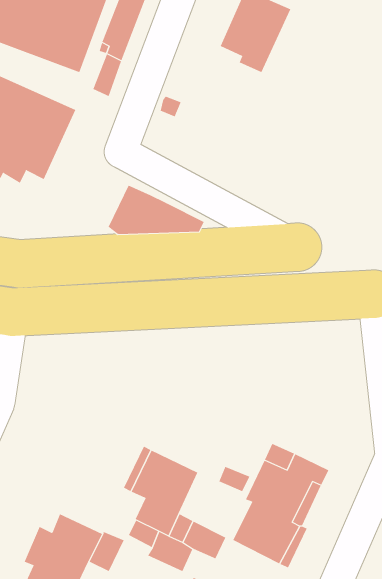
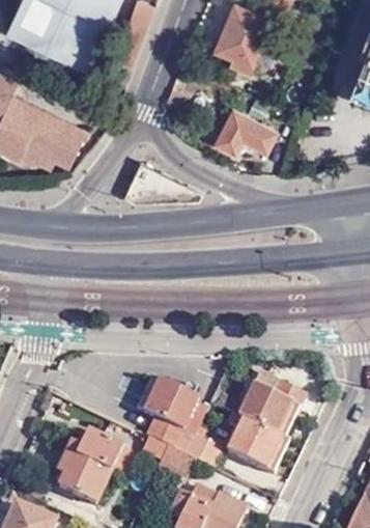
building: none -> [216,110,275,154]

